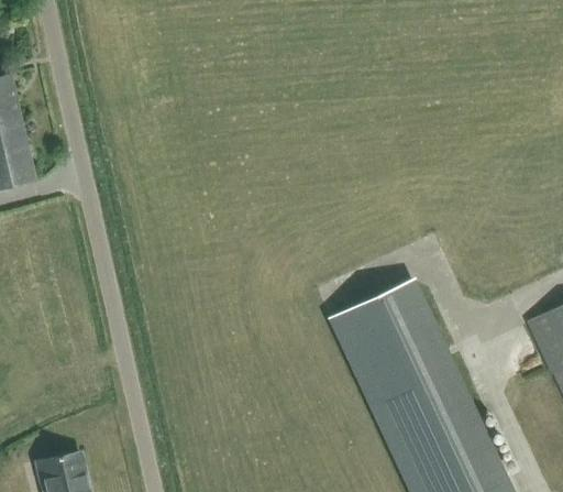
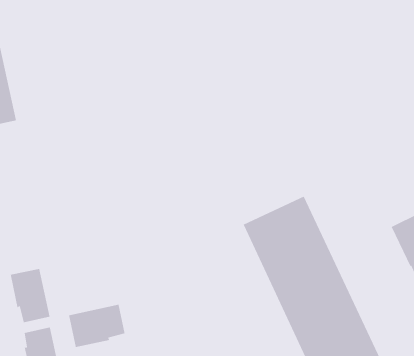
building: none -> [10,268,50,323]
building: none -> [69,304,125,348]

